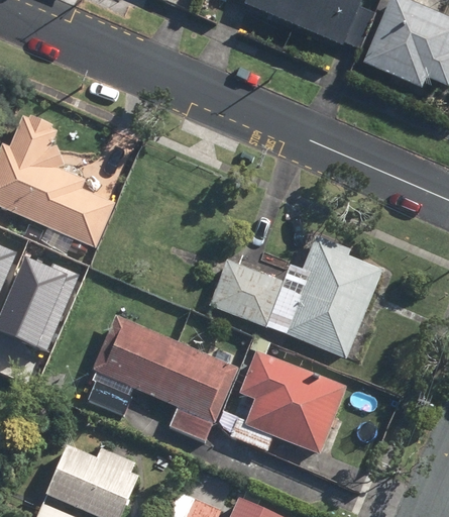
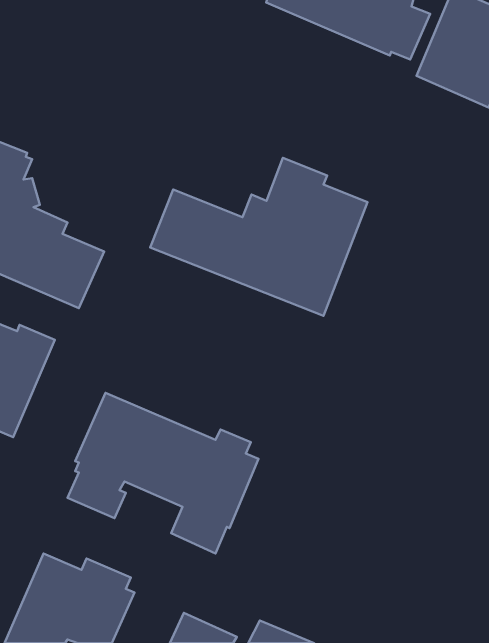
building: [210,233,383,359] -> [150,158,368,316]
building: [240,350,348,455] -> none

